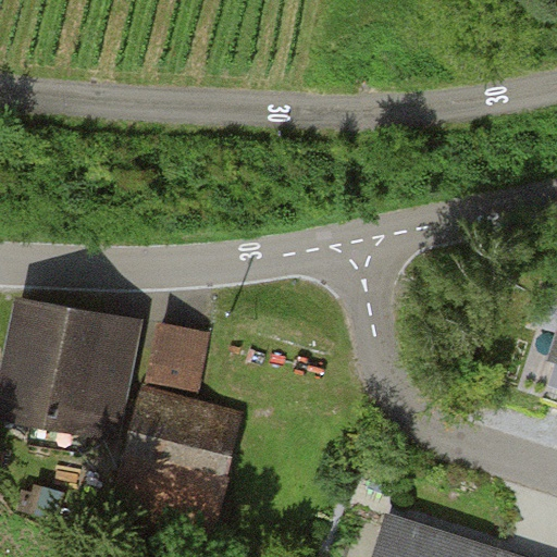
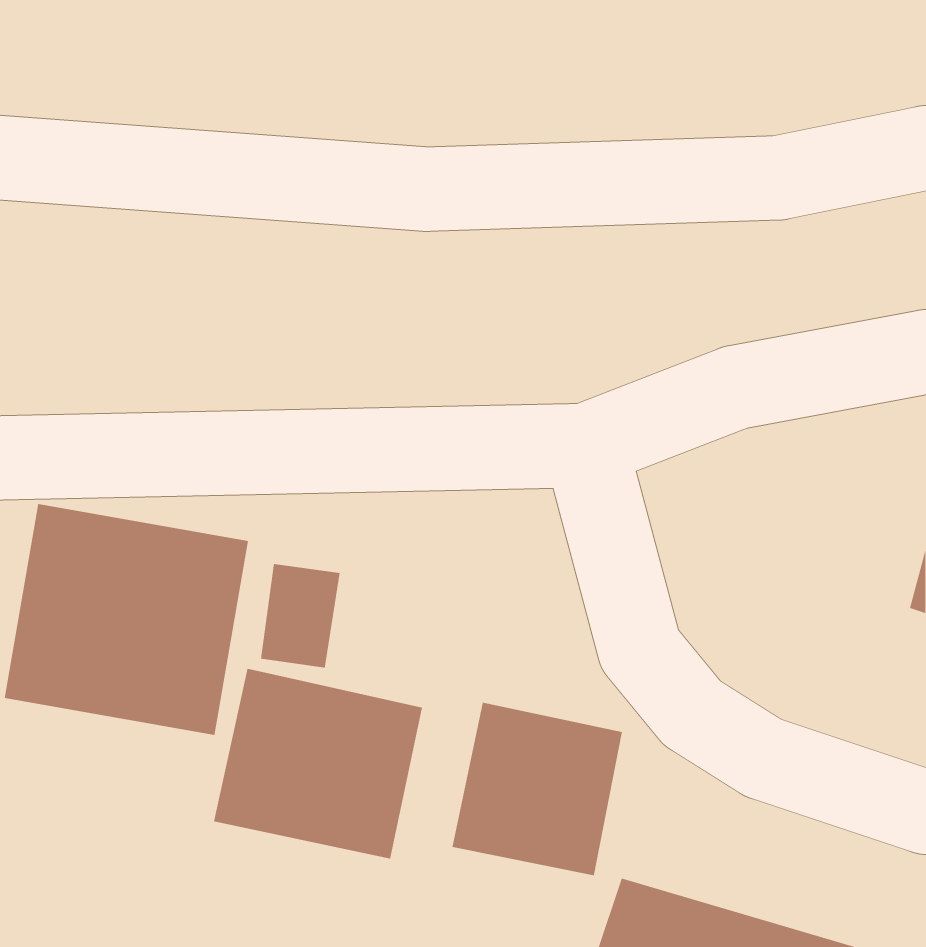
building: none -> [452,702,623,876]

